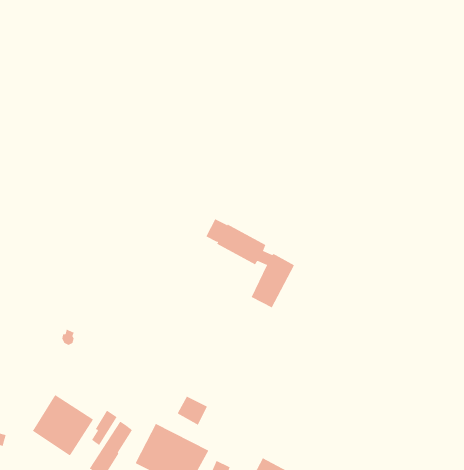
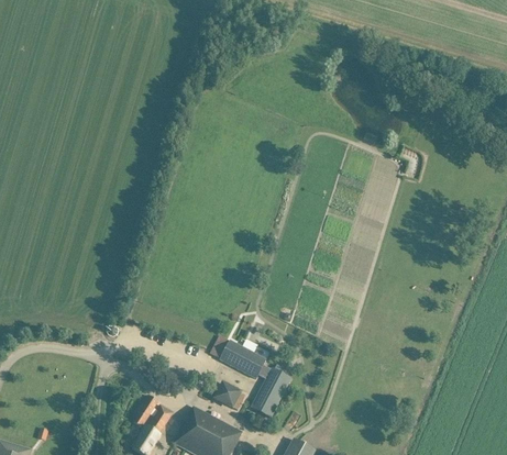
building: [205,219,295,308] -> [209,335,291,418]
building: [32,394,94,456] -> none

